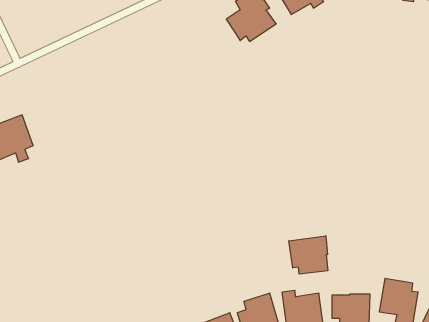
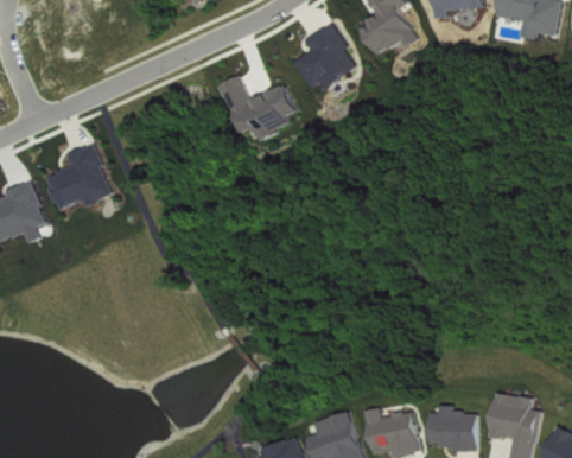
building: none -> [218,75,295,140]
building: none -> [43,144,112,210]
building: [289,236,328,274] -> none

